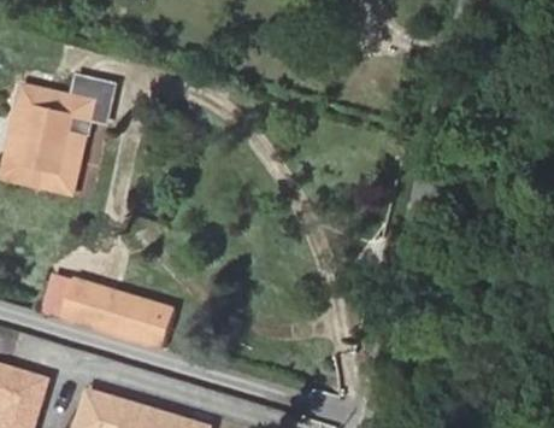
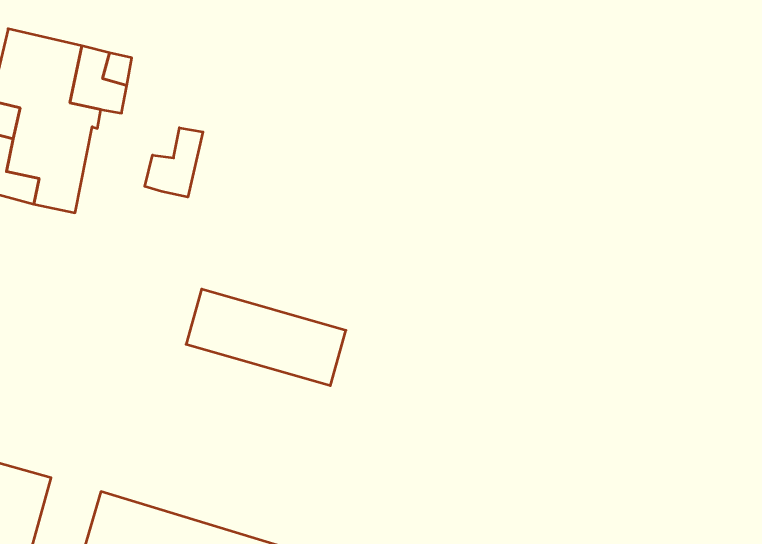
building: none -> [145,128,203,197]
building: [60,276,172,344] -> [186,289,346,386]

